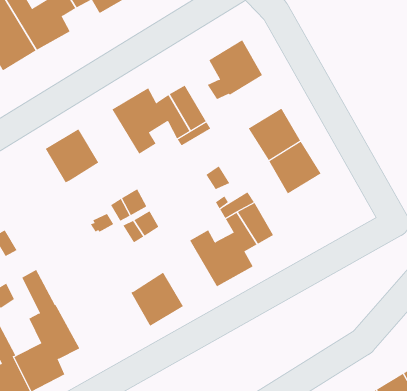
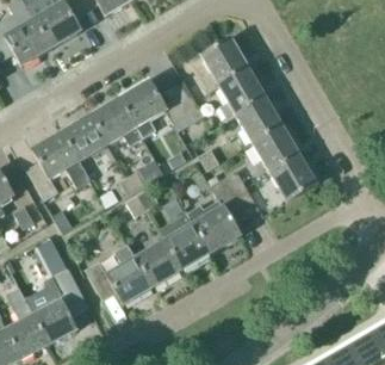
building: none -> [218,69,265,119]
building: none -> [87,99,139,146]
building: none -> [25,134,89,199]
building: none -> [269,155,316,202]
building: none -> [157,214,207,271]
building: none -> [85,242,149,304]

